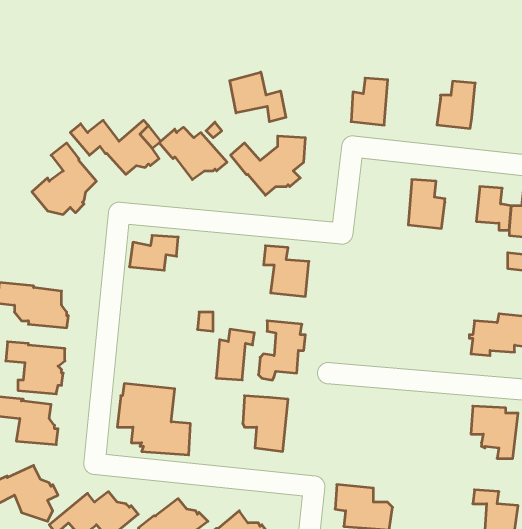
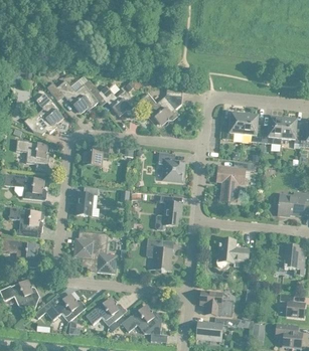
building: [230,72,286,122] -> none
building: [351,78,388,125] -> [222,113,244,140]
building: [437,81,475,128] -> [261,117,283,144]
building: none -> [15,139,49,170]
building: none -> [214,160,255,202]
building: [216,329,254,380] -> [75,186,98,215]
building: none -> [217,238,249,268]

